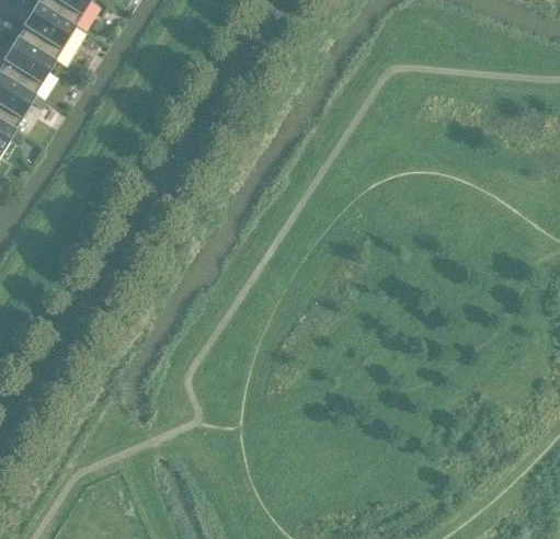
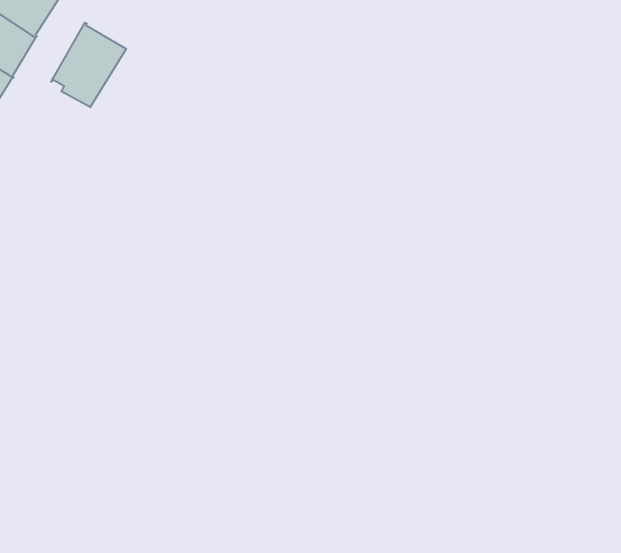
building: none -> [51,23,126,107]

